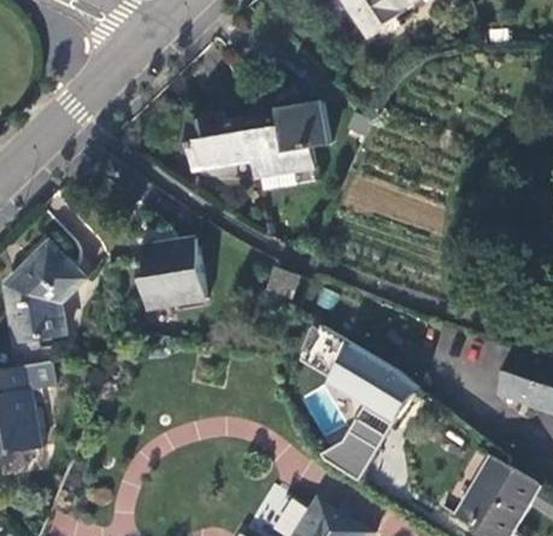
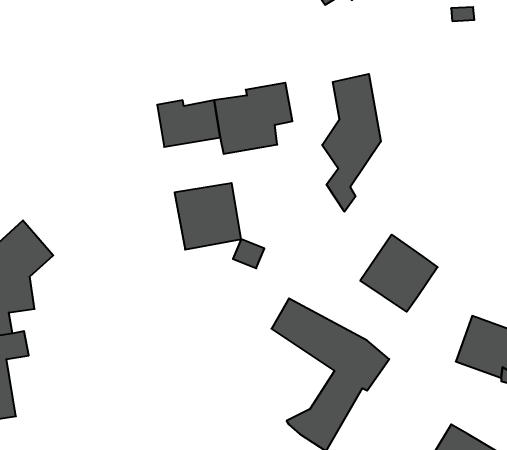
building: none -> [322,74,381,212]
building: [136,241,205,310] -> [175,183,241,250]
building: none -> [360,235,438,312]

